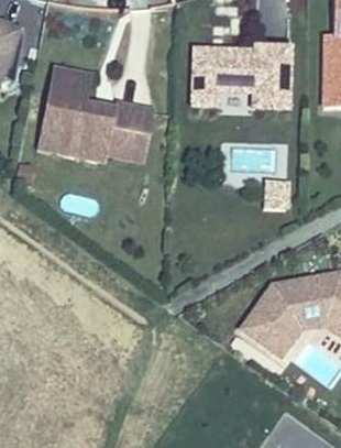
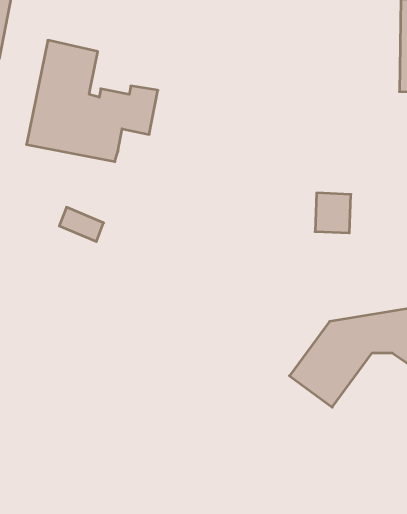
building: [194,43,292,107] -> none
building: [108,103,154,157] -> none

